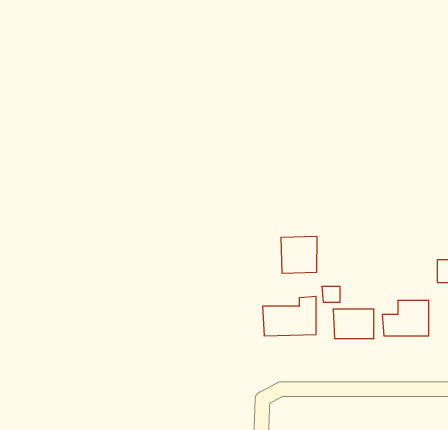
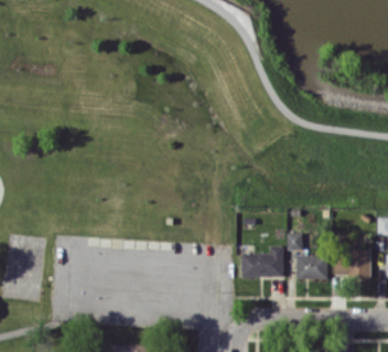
building: [281,236,317,273] -> none

